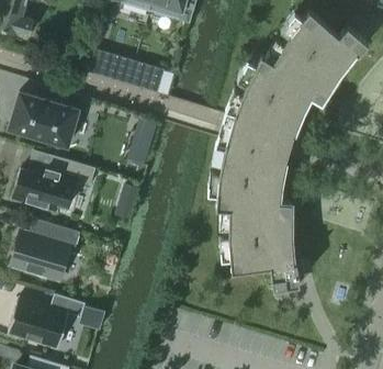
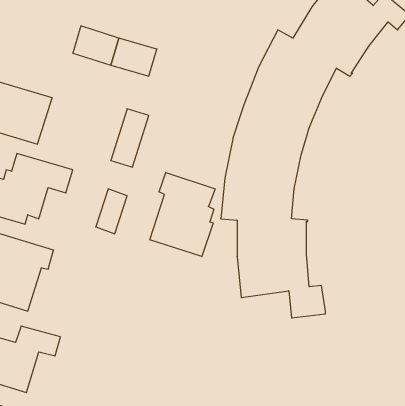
building: none -> [150,172,215,257]

